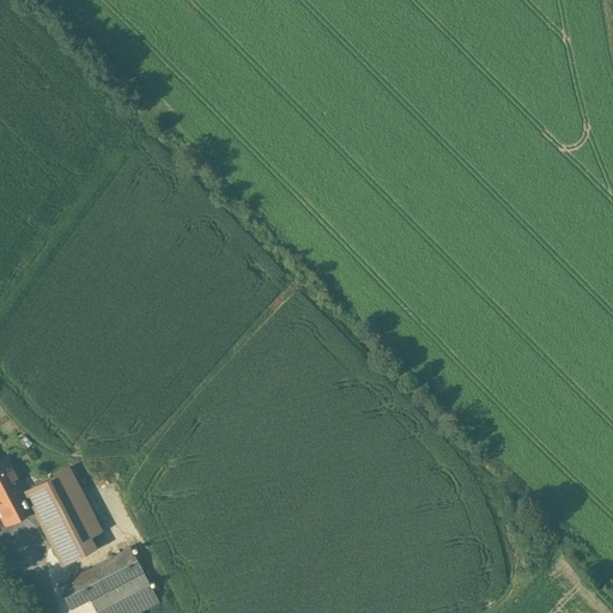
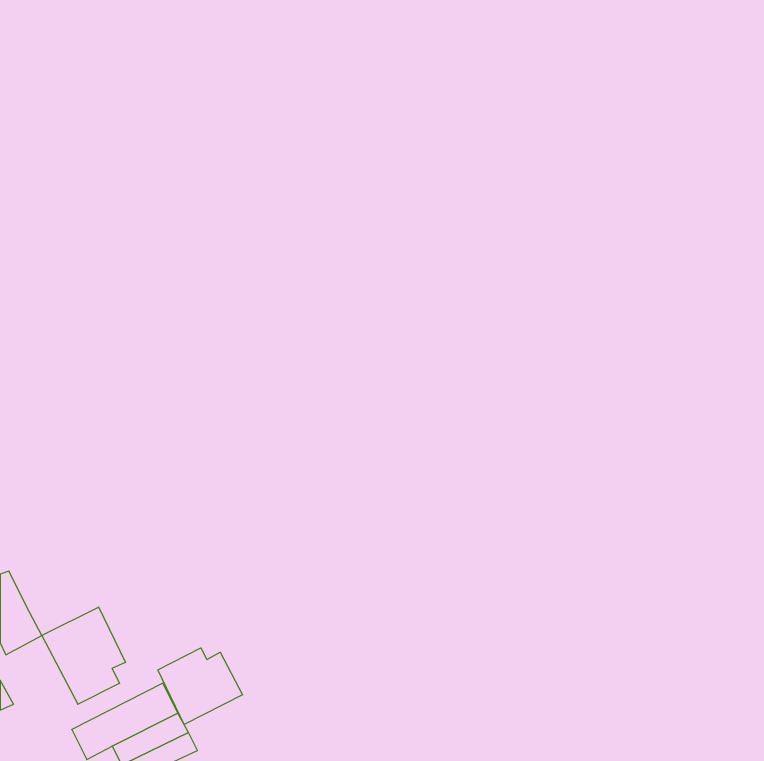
building: [24,469,79,511] -> none
building: none -> [158,648,243,725]

